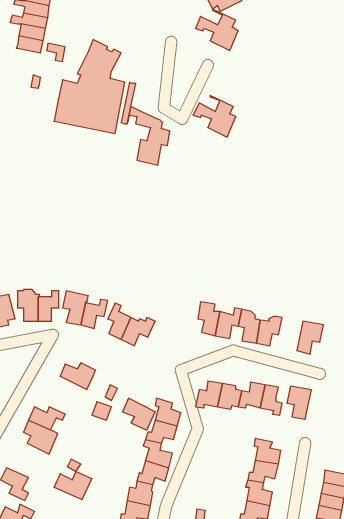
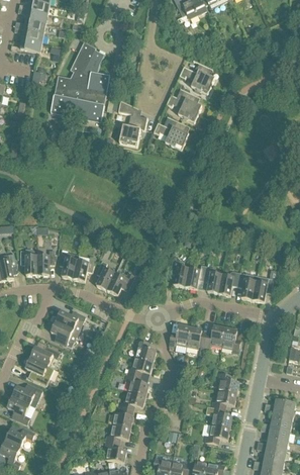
building: [196,9,238,51] -> [179,60,214,94]
building: none -> [153,116,189,150]
building: [287,386,311,419] -> [236,272,257,299]
building: [122,398,155,430] -> [51,320,78,347]
building: [54,471,92,499] -> [11,383,42,406]

